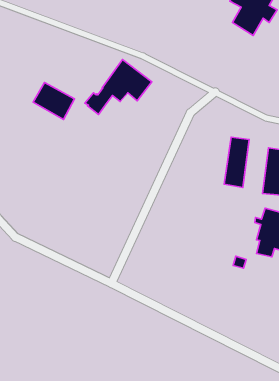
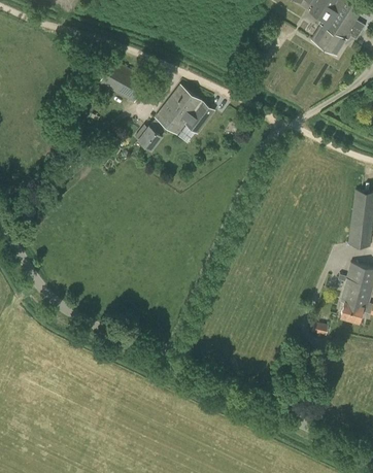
building: [33,82,74,119] -> [98,60,147,104]
building: [224,137,249,187] -> none

